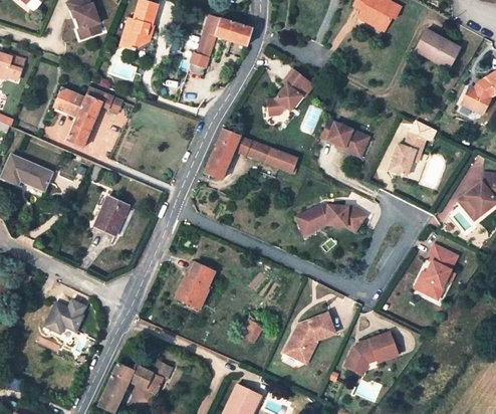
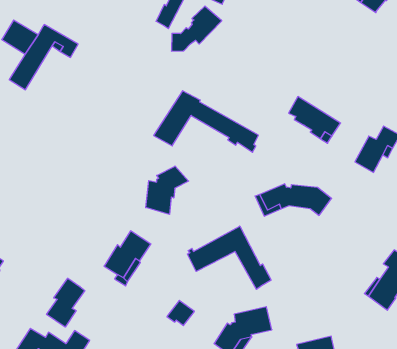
building: [267,71,310,117] -> [171,6,222,51]
building: [94,196,128,235] -> none
building: none -> [146,166,189,214]
building: none -> [187,226,271,289]
building: none -> [47,278,85,327]

